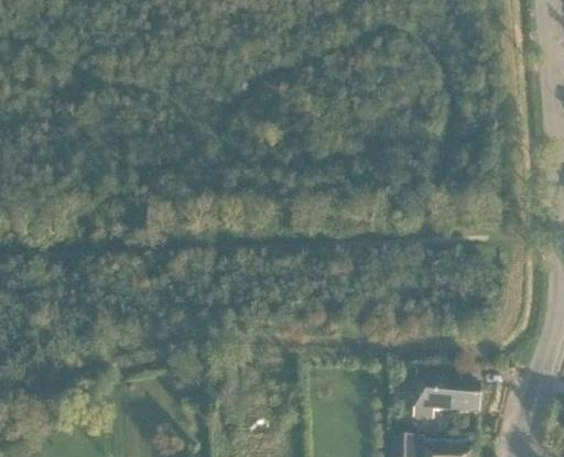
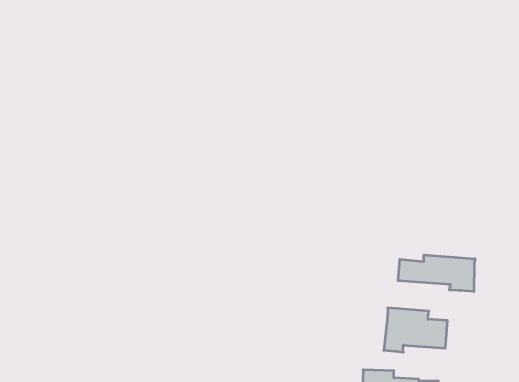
building: none -> [398,255,475,292]

